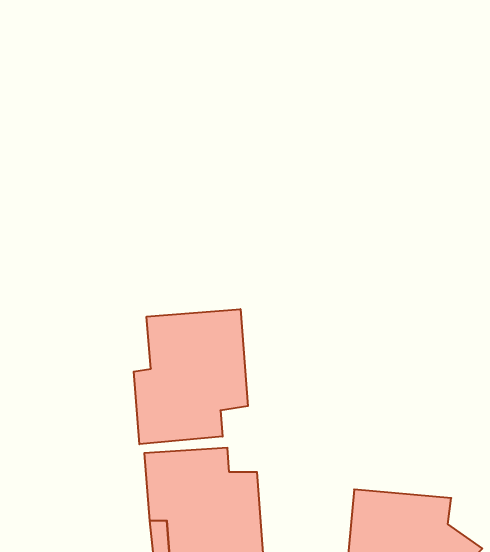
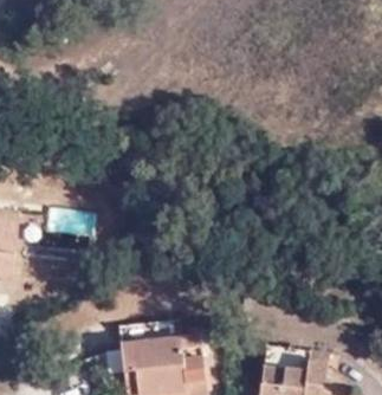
building: [134,309,248,444] -> none

